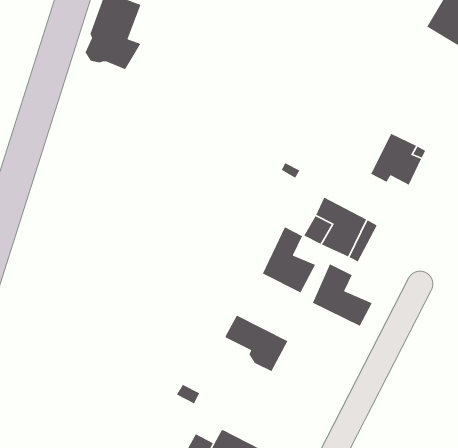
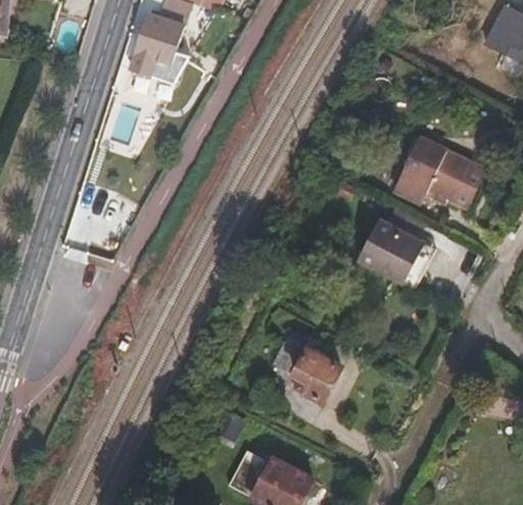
building: none -> [393,135,447,198]
building: [262,226,316,294] -> none
building: [312,263,373,327] -> none

